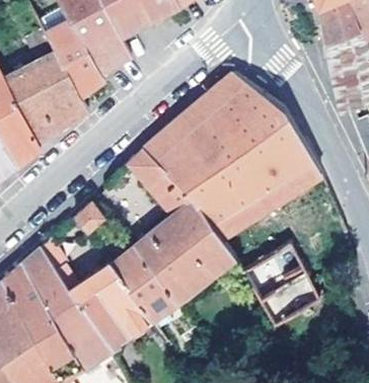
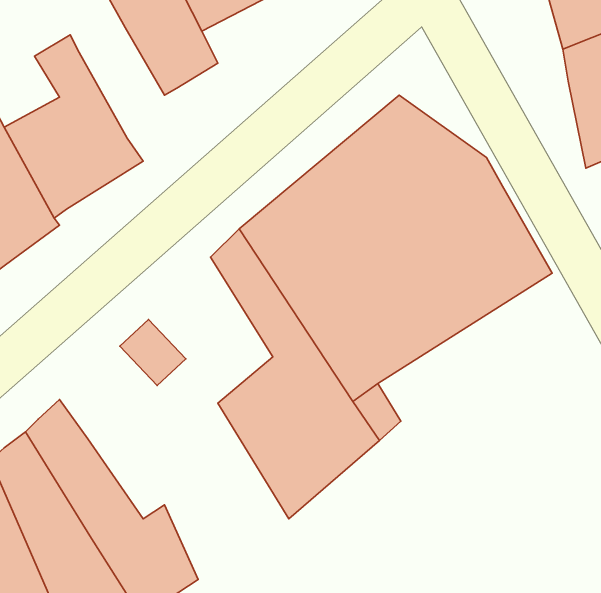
building: [52,33,104,96] -> none
building: [243,246,320,327] -> none
building: [57,247,171,348] -> none

